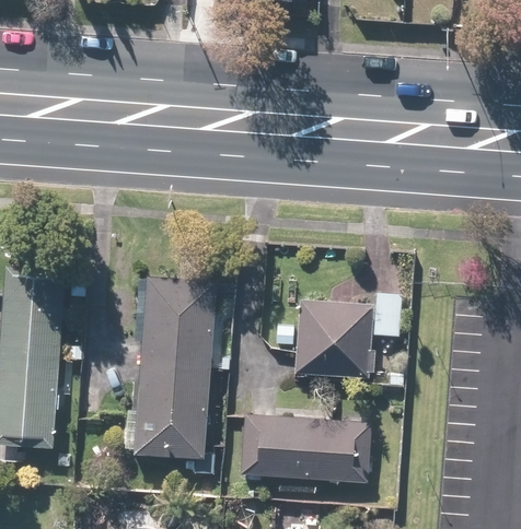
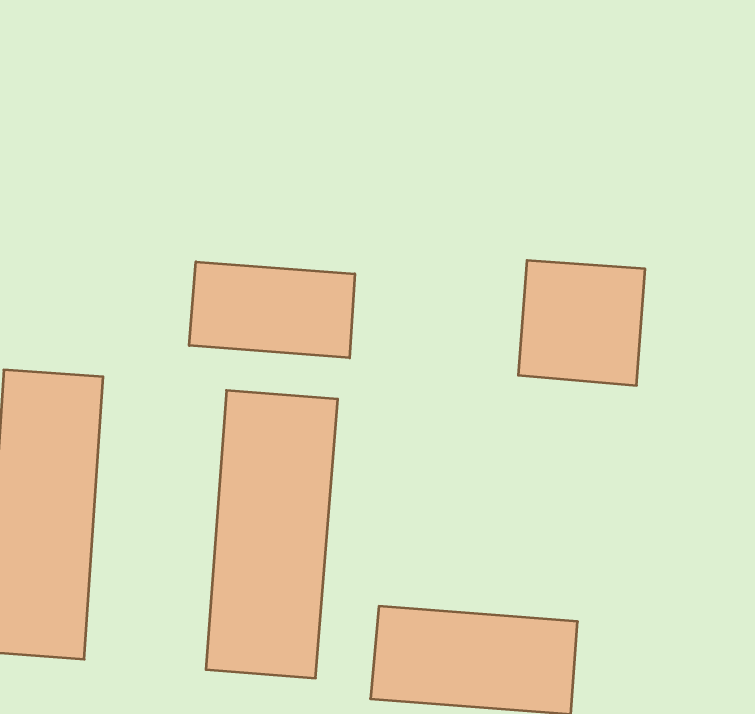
building: none -> [189,262,355,358]
building: [293,301,374,380] -> [518,260,645,385]

